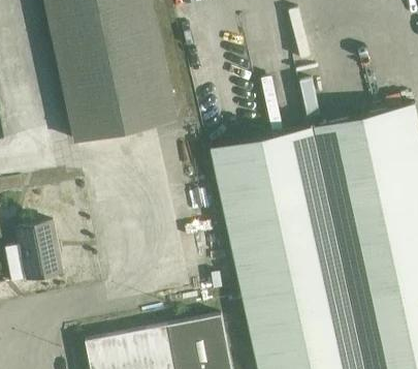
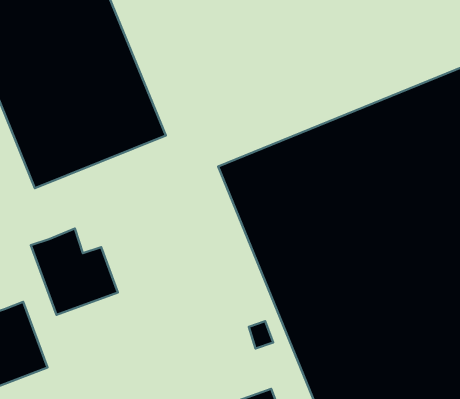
building: none -> [31,229,118,315]

